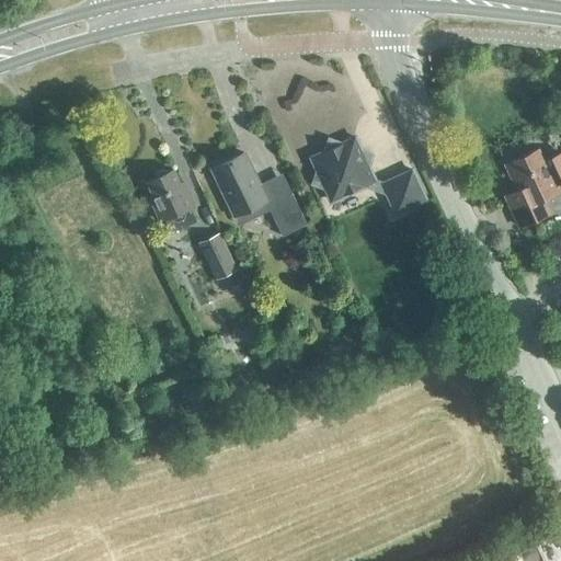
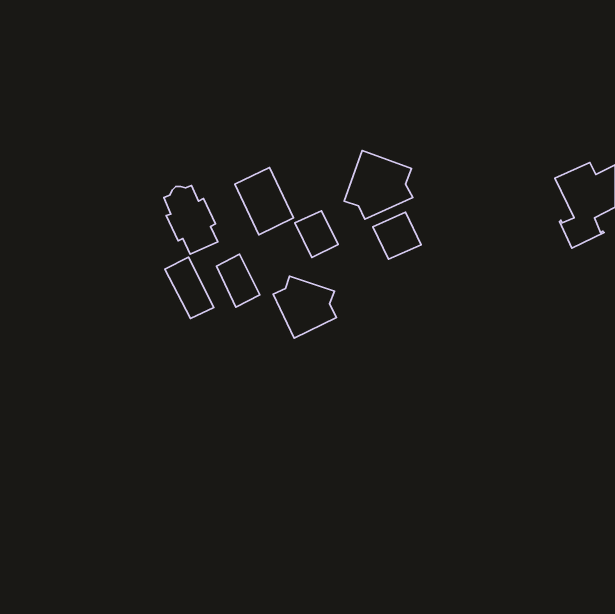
building: [382,170,426,213] -> [373,212,421,259]
building: none -> [165,257,214,318]
building: none -> [273,276,336,338]

